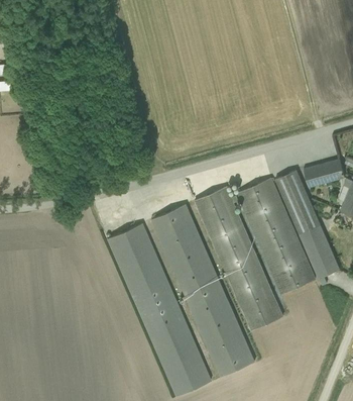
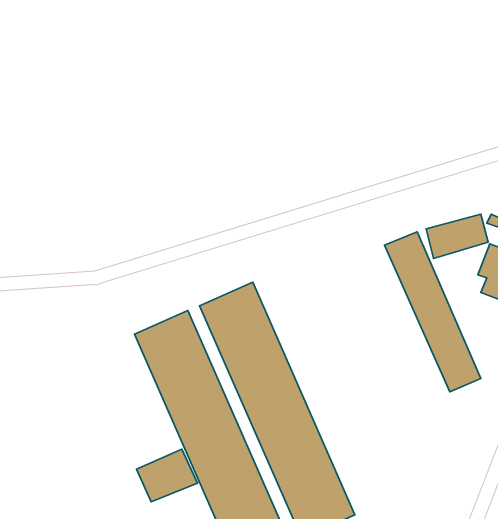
building: [236,177,315,293] -> none
building: [193,186,282,331] -> none
building: none -> [136,449,198,502]

